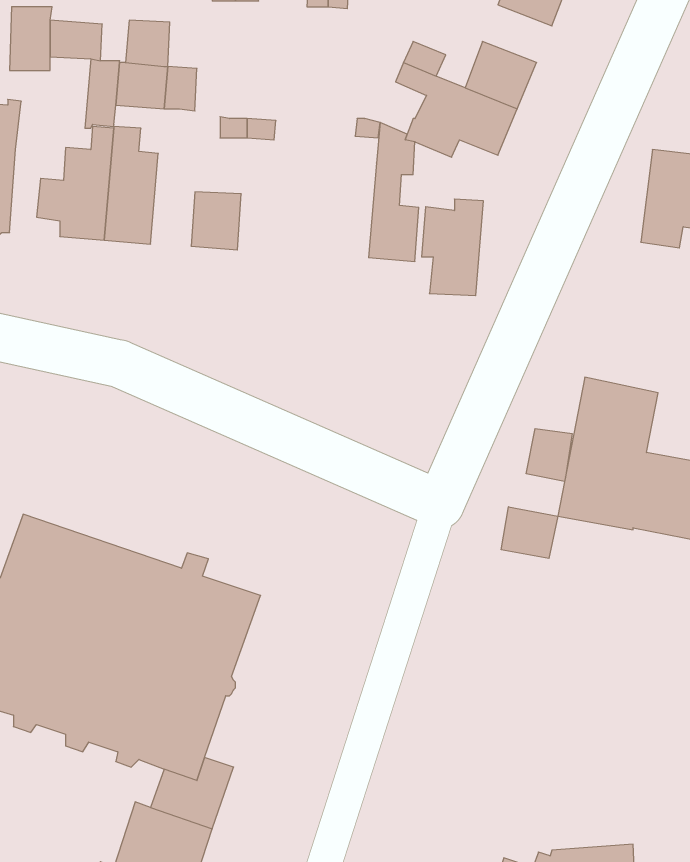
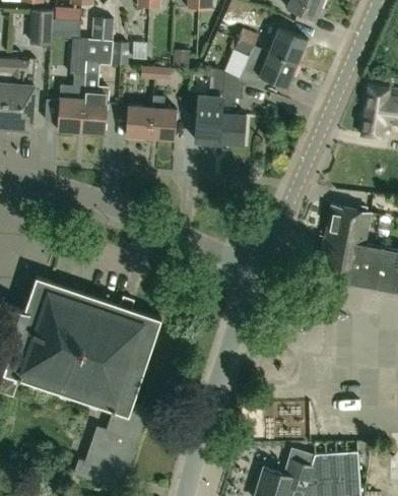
building: none -> [150,97,178,139]
building: [422,199,483,296] -> [191,91,223,142]
building: [526,429,572,481] -> none
building: [501,507,558,558] -> none

